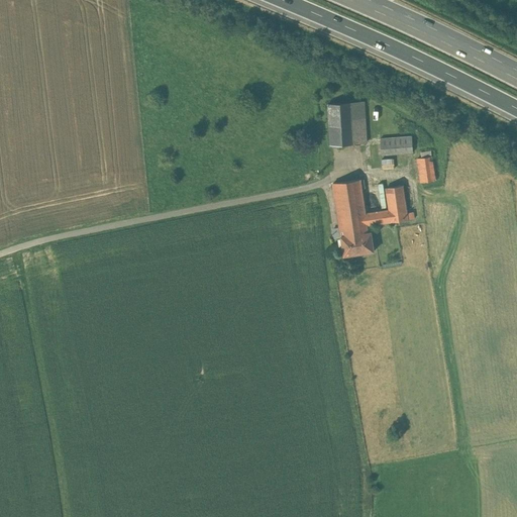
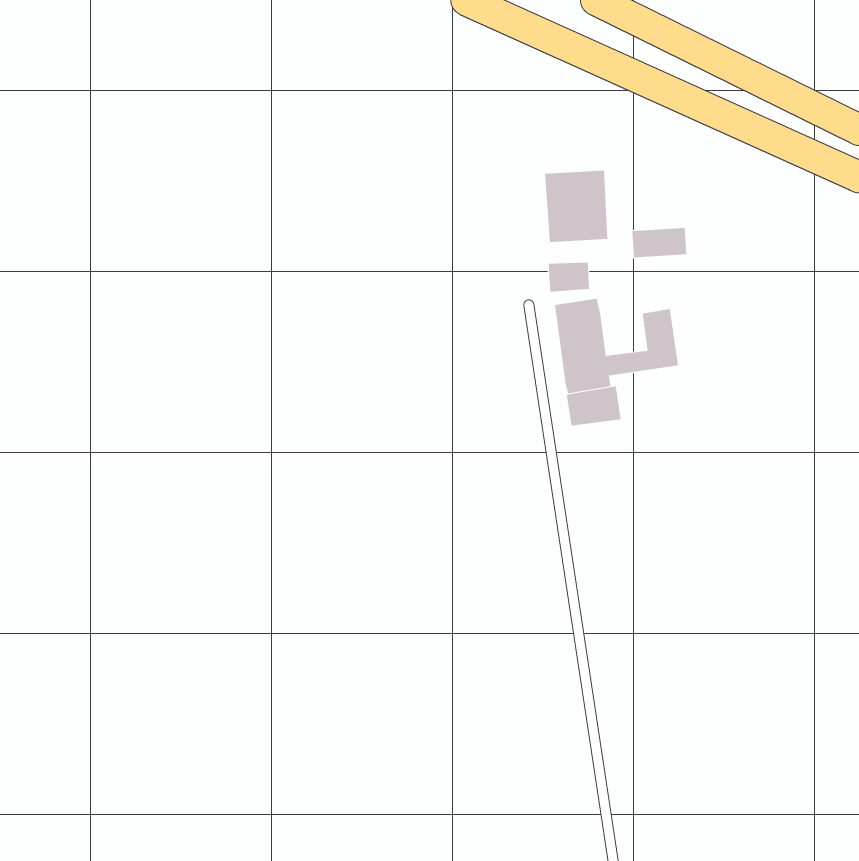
building: [416,151,434,183] -> none
building: none -> [548,262,589,292]

